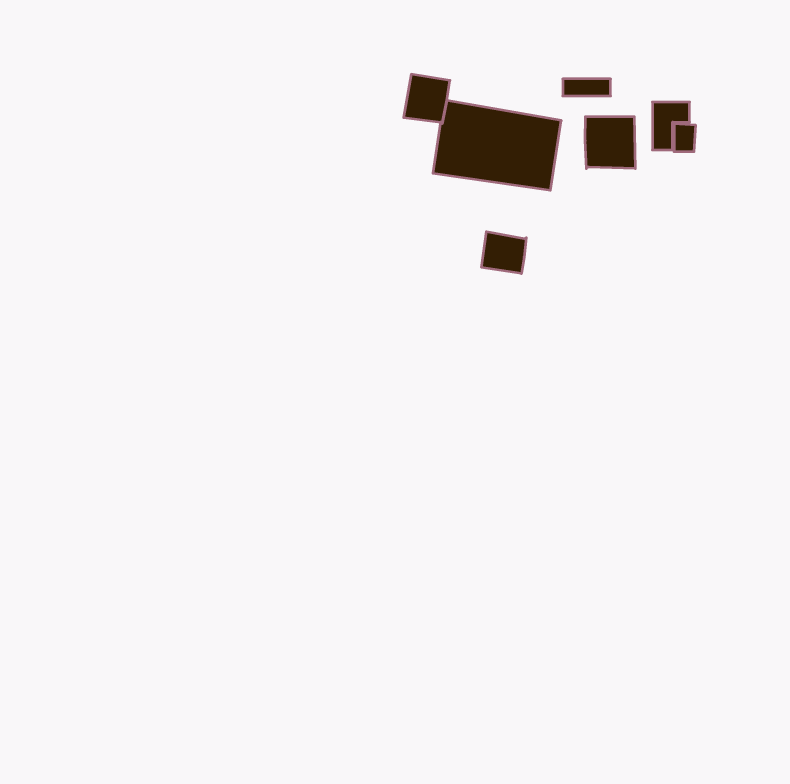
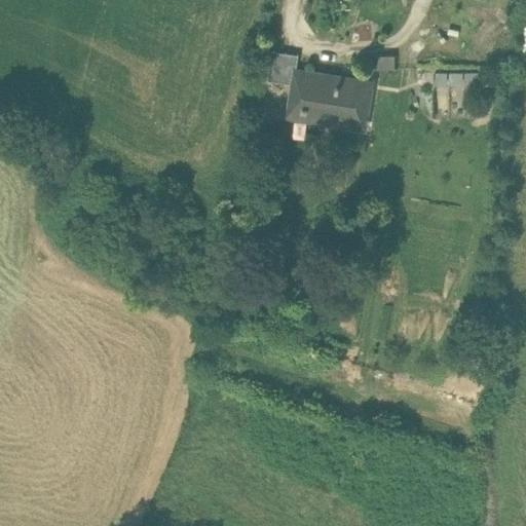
building: [585,117,635,169] -> none
building: [482,232,526,274] -> none

